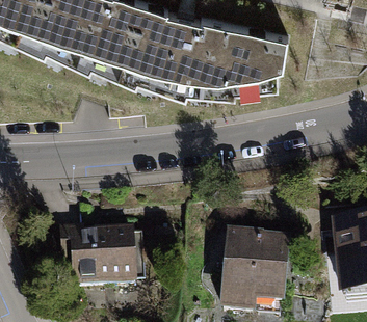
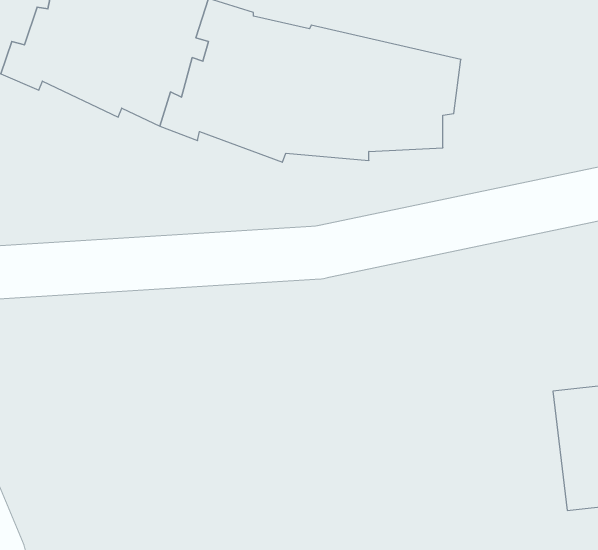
building: [62,231,133,287] -> none
building: [222,237,285,313] -> none

